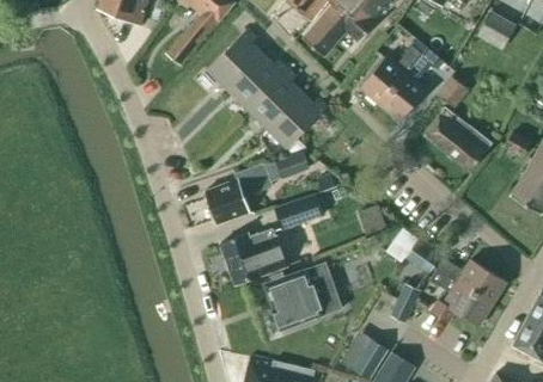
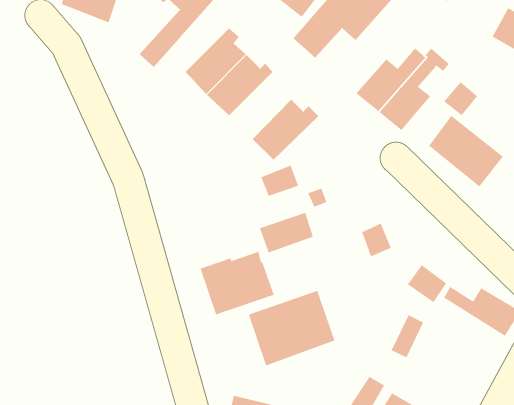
building: [246,68,301,128] -> none
building: [205,164,272,223] -> none
building: [429,269,492,326] -> none

